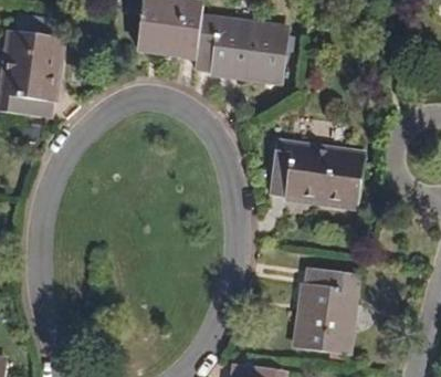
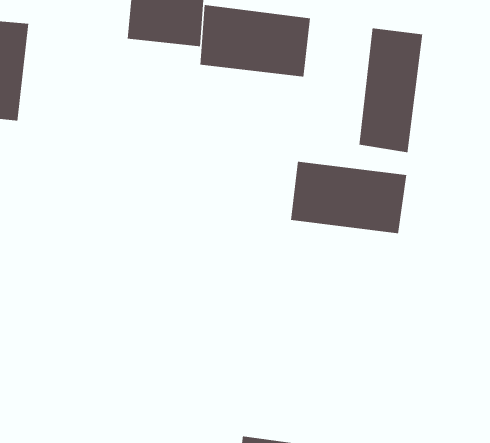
building: none -> [359,27,423,153]
building: [295,270,354,354] -> none

